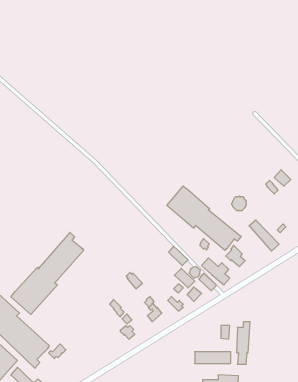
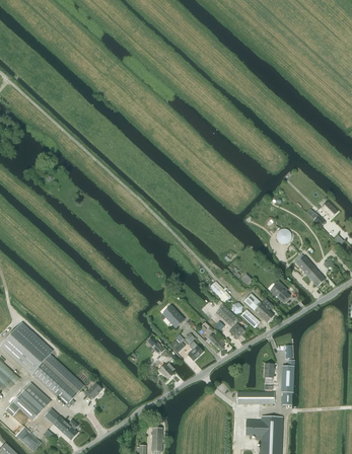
building: [167,186,241,250] -> none
building: [11,232,84,314] -> none

